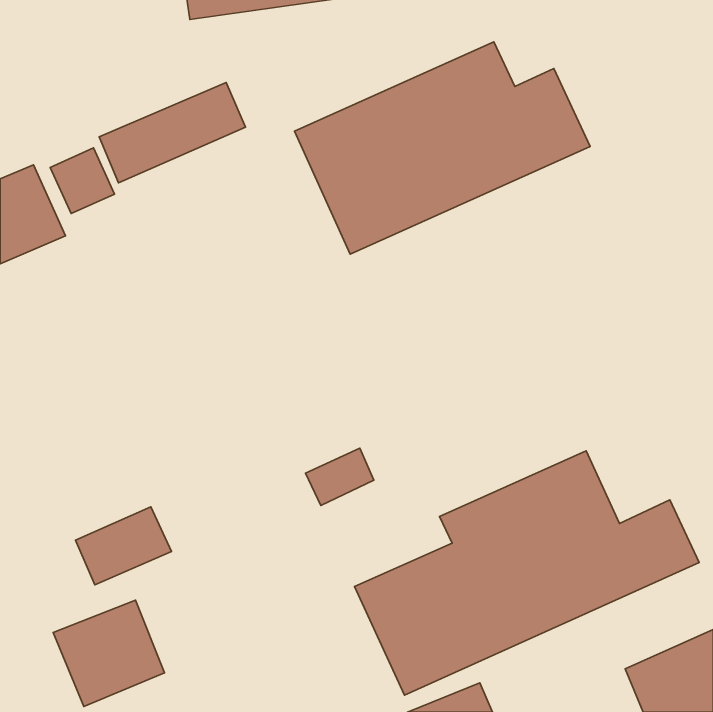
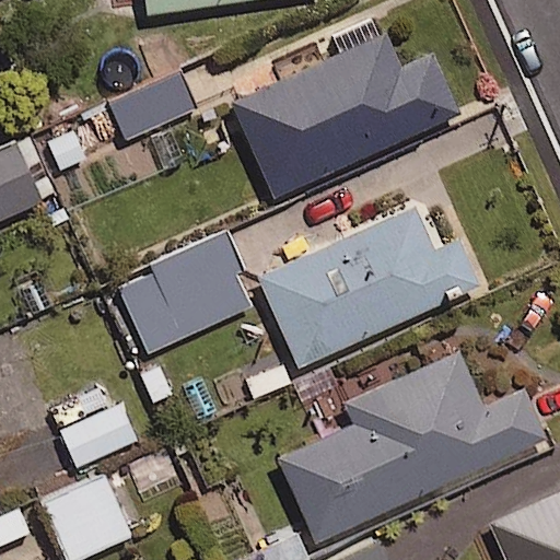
building: none -> [258,207,480,369]
building: none -> [109,222,247,347]

